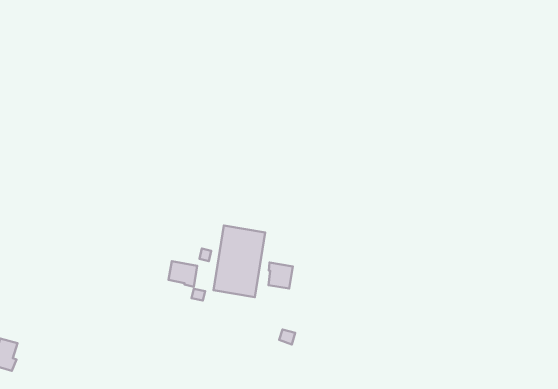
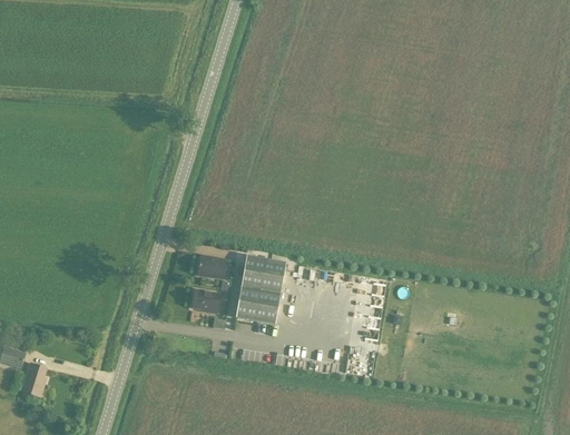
building: none -> [197,254,225,277]
building: [268,262,293,288] -> none

